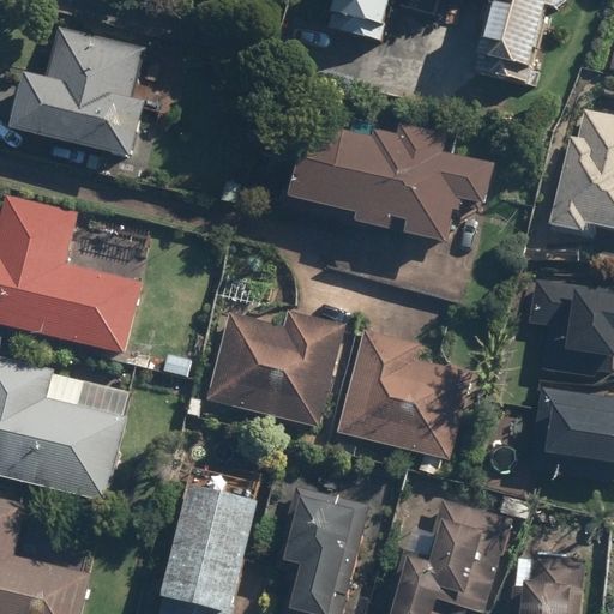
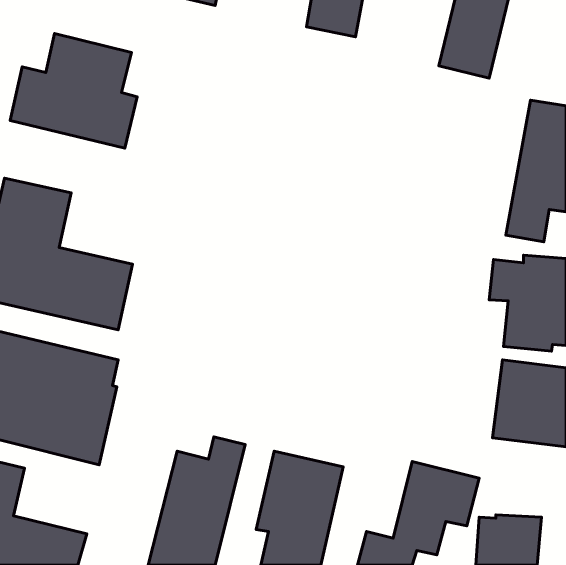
building: [264,121,495,245] -> none
building: [204,308,348,428] -> none
building: [338,329,470,471] -> none

